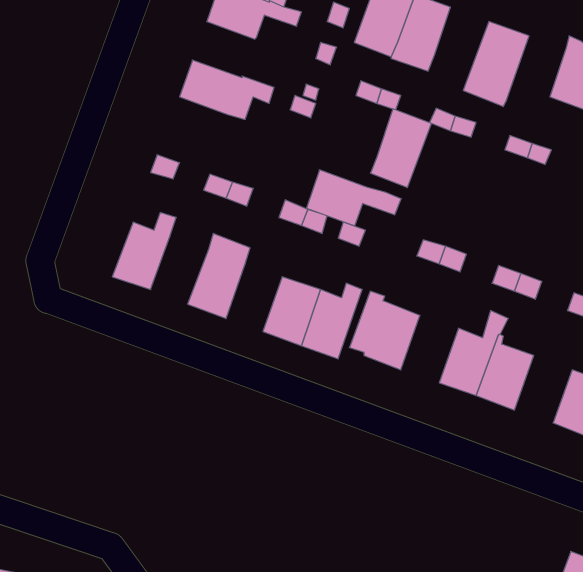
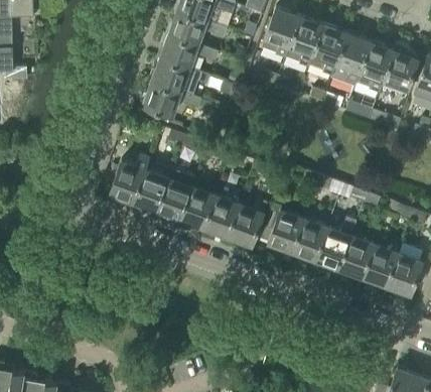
building: none -> [159,34,220,70]
building: none -> [356,43,394,93]
building: [370,109,431,188] -> [307,25,345,75]
building: [307,170,401,226] -> [143,82,202,117]
building: none -> [133,169,169,212]
building: none -> [180,186,216,229]
building: none -> [290,219,326,261]
building: none -> [362,244,398,286]

